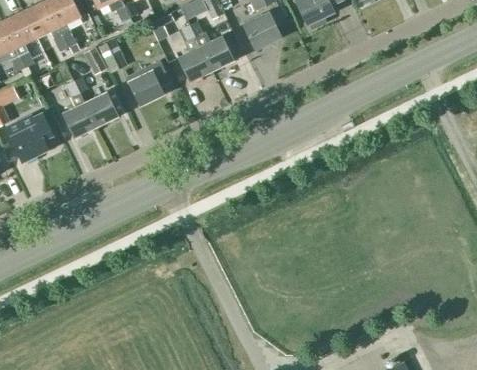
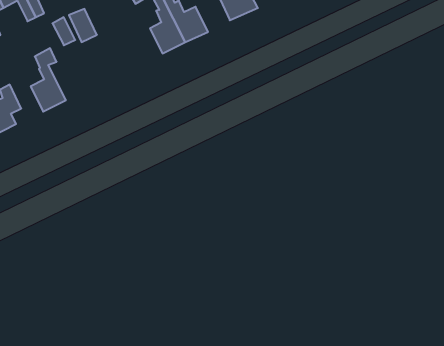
building: [126,61,169,106] -> none
building: [84,92,117,127] -> none

